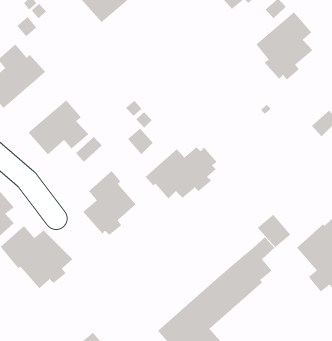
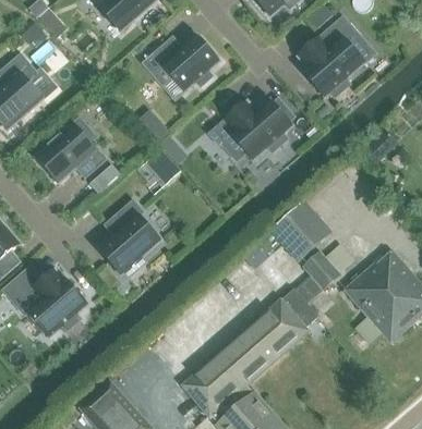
building: none -> [155,34,219,90]
building: [145,147,217,199] -> [209,99,293,160]
building: none -> [270,201,331,261]

